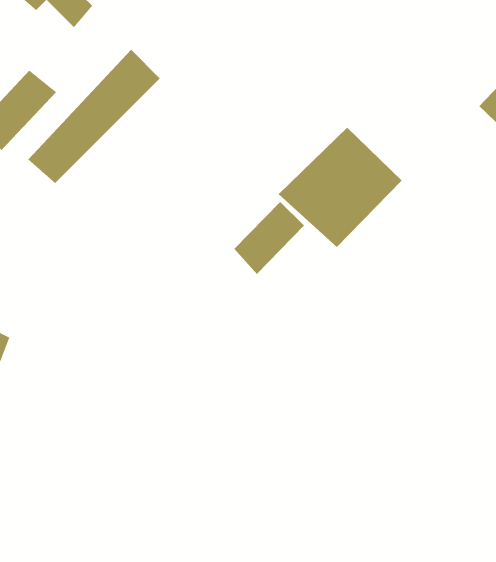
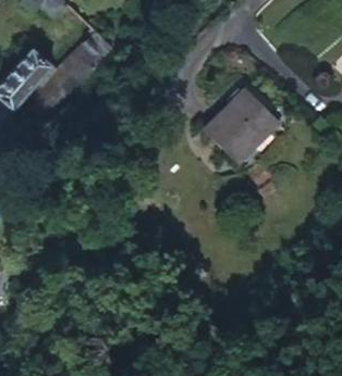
building: [234,201,305,275] -> none

